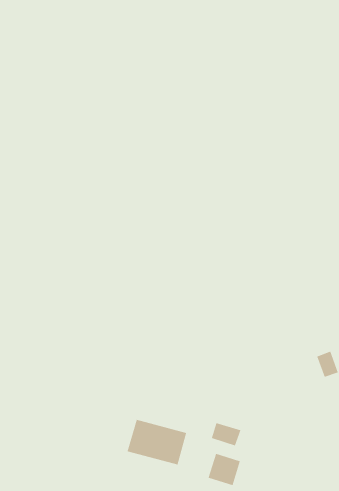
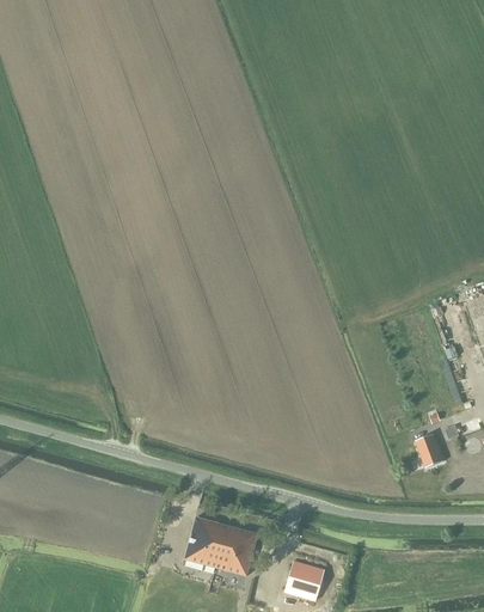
building: [211,422,241,447] -> none

